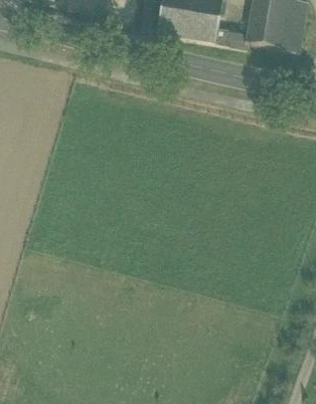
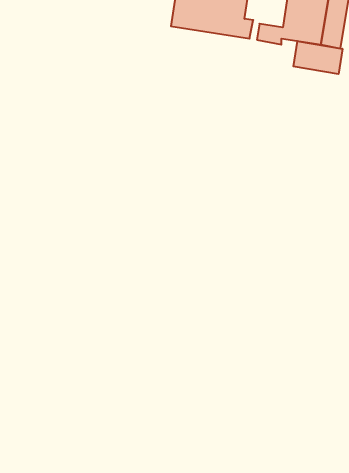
building: none -> [293,41,342,74]

